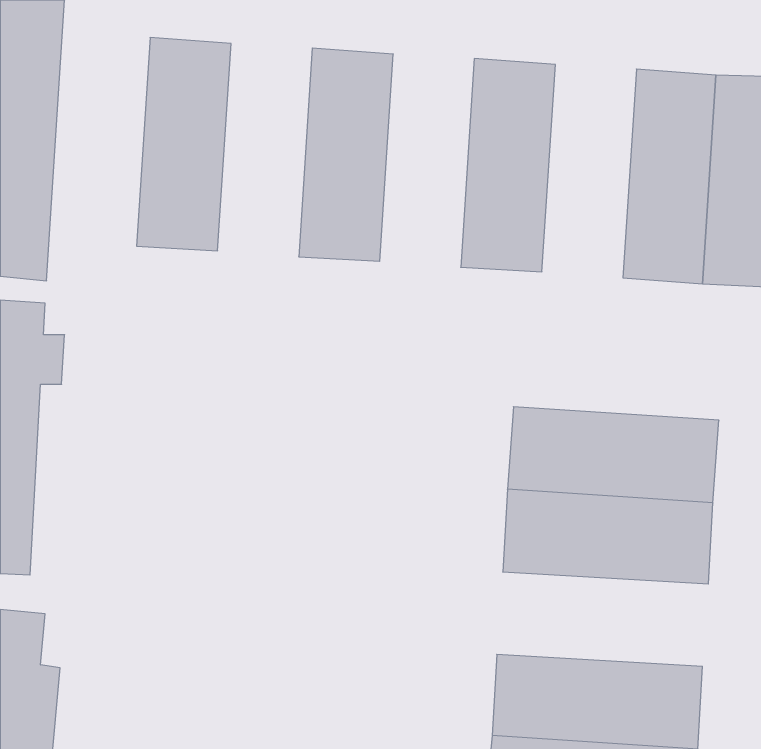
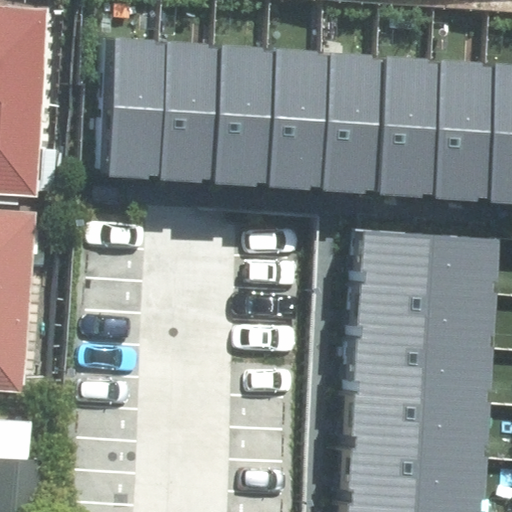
building: none -> [149,41,212,183]
building: none -> [257,48,320,190]
building: none -> [365,55,428,197]
building: none -> [346,229,486,292]
building: none -> [335,393,476,456]

